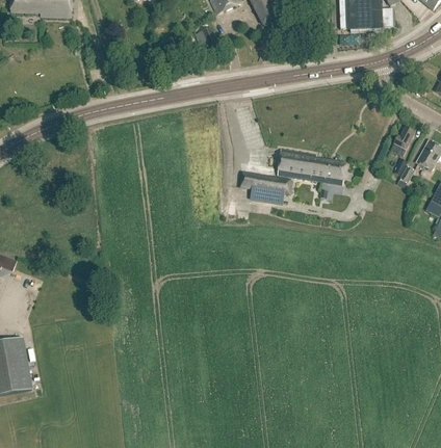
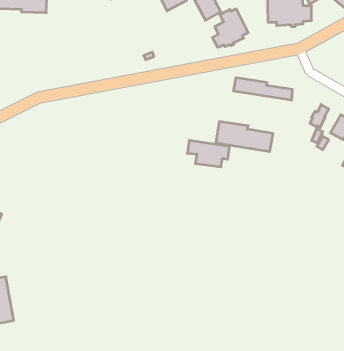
building: none -> [213,9,248,47]
building: none -> [234,78,292,100]

